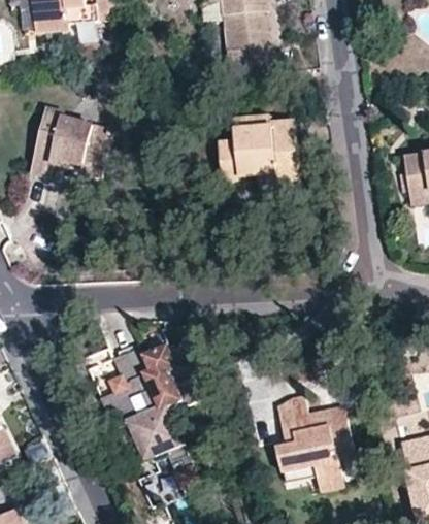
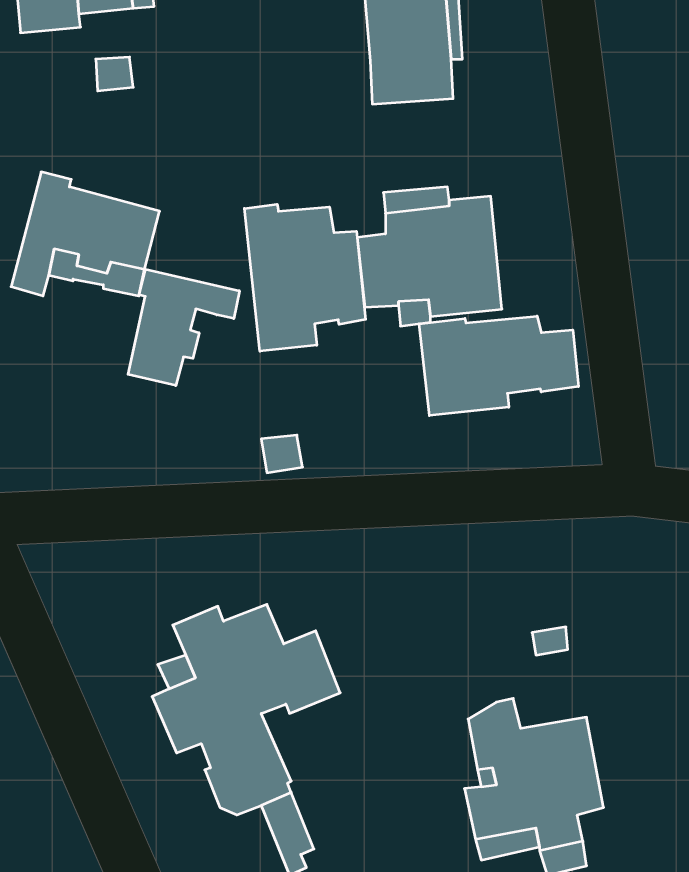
building: none -> [244,204,366,351]
building: none -> [128,269,239,386]
building: none -> [419,316,578,416]

